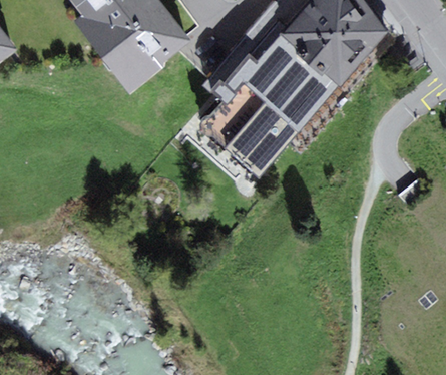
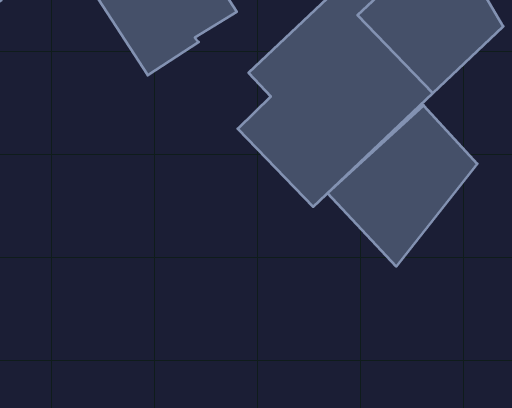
building: none -> [328,105,477,266]

